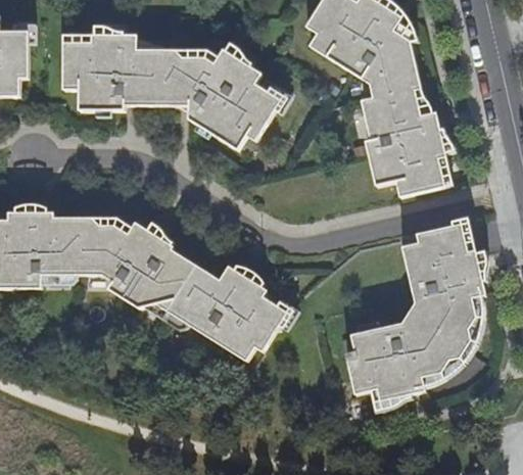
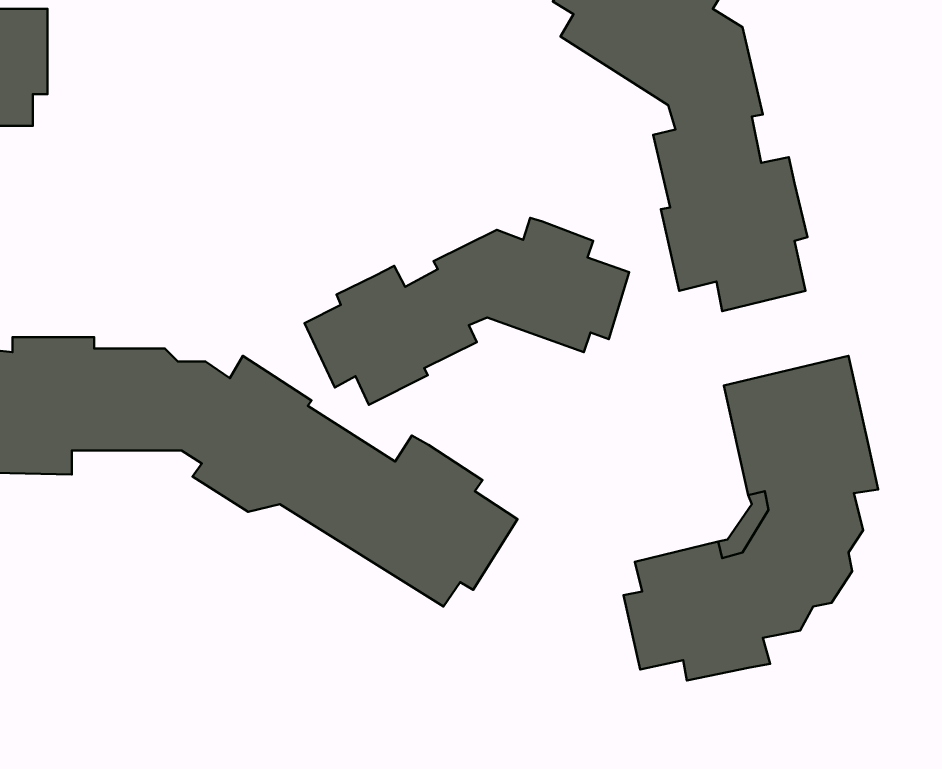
building: [62,34,280,149] -> none
building: none -> [305,218,629,405]

